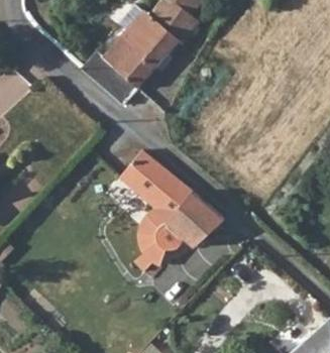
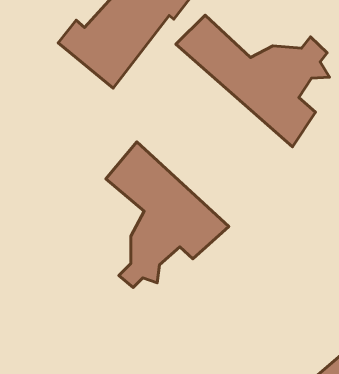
building: none -> [176,15,330,147]

